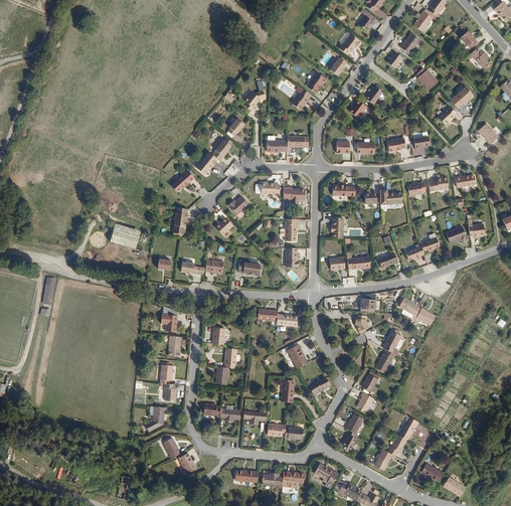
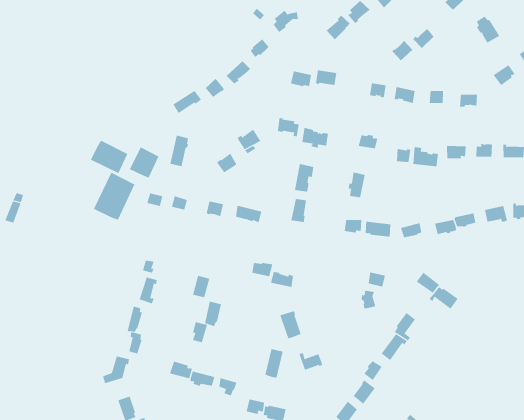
building: none -> [129,146,159,179]
building: none -> [93,172,135,220]

